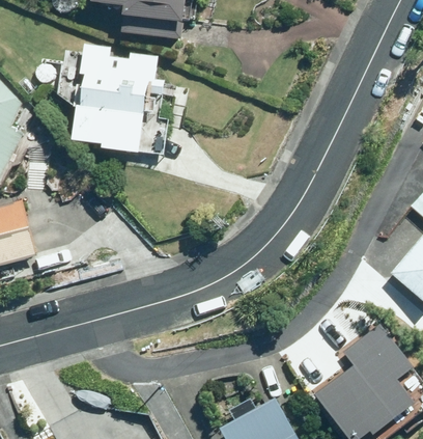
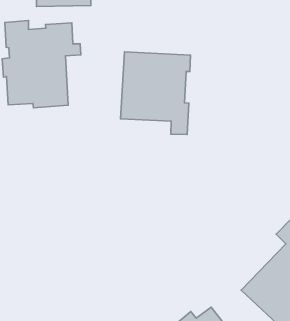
building: none -> [121,52,191,134]

